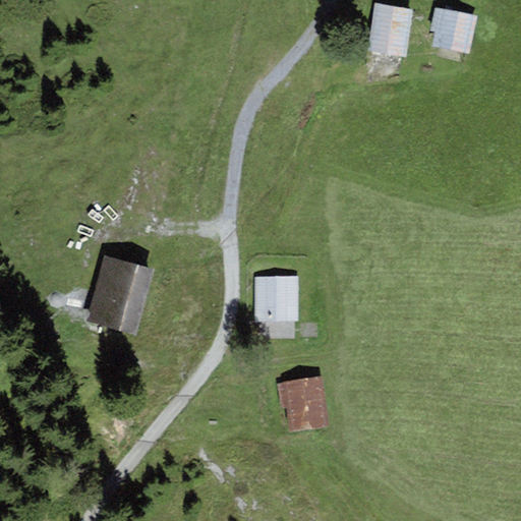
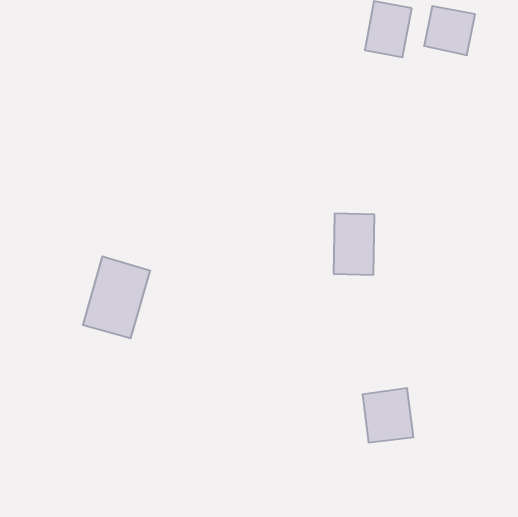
building: [255,274,296,335] -> [334,214,374,275]
building: [278,374,329,428] -> [362,388,413,442]

